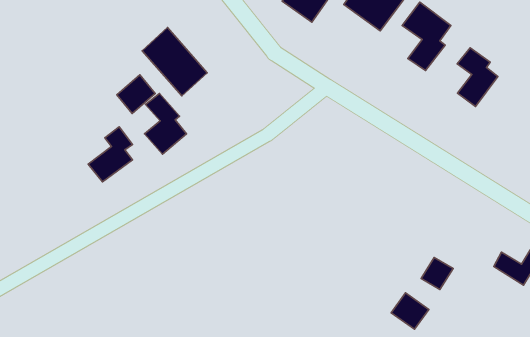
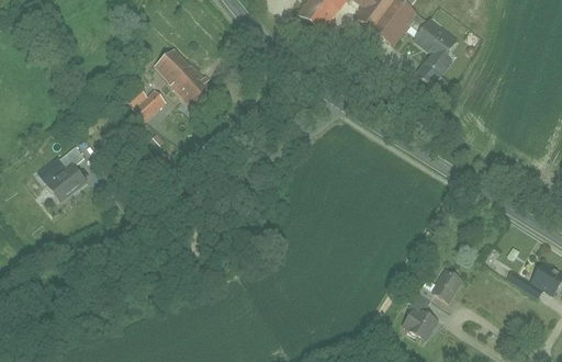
building: [457,48,498,106] -> none
building: [145,94,187,154] -> none
building: [88,127,132,182] -> [43,146,87,201]

